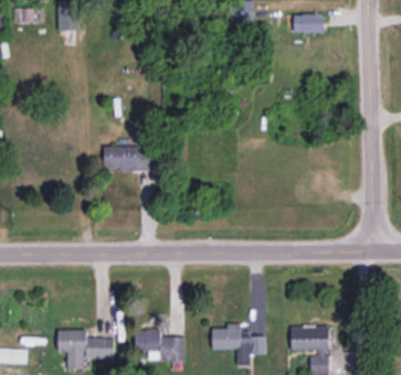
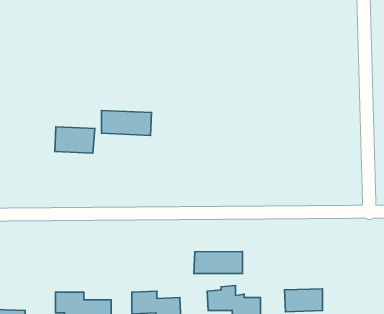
building: none -> [55,127,95,153]
building: none -> [194,252,243,274]

